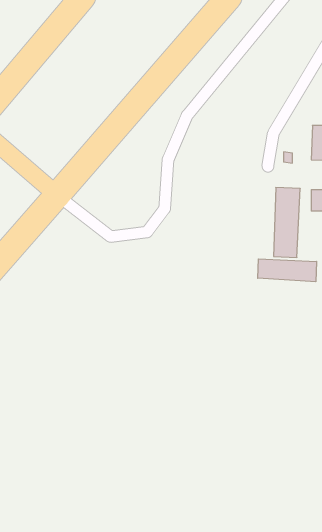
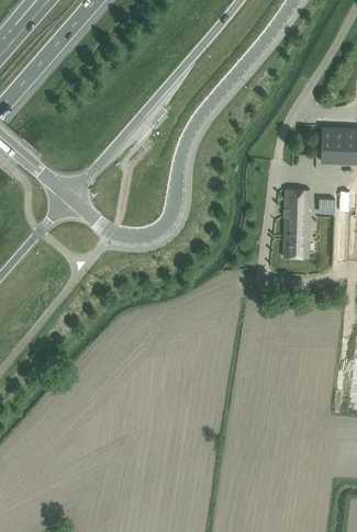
building: [258,259,317,282] -> none

